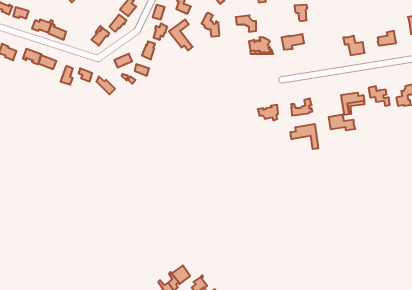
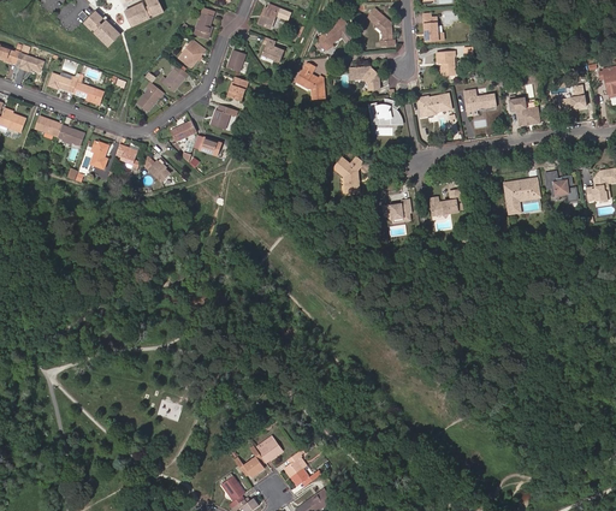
building: [169,19,193,50] -> none
building: none -> [462,89,497,111]
building: none -> [333,155,363,192]
building: [329,114,355,130] -> none
building: [290,124,318,149] -> none

